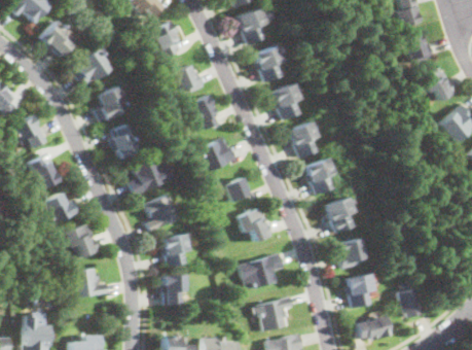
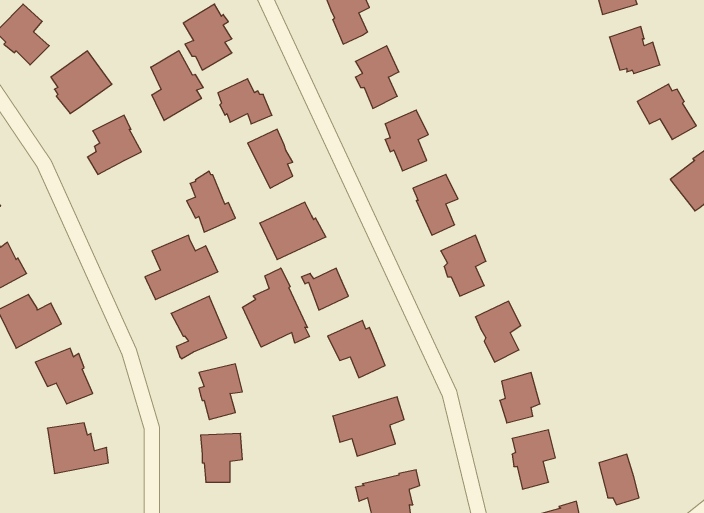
building: none -> [151,51,203,121]
building: [111,122,140,159] -> [187,171,235,232]
building: none -> [243,268,309,347]

